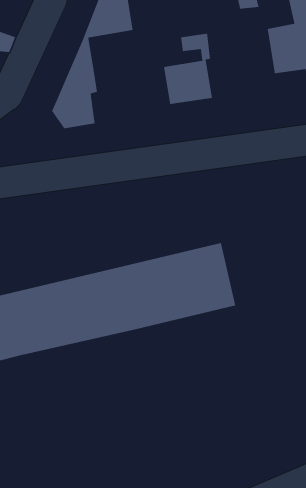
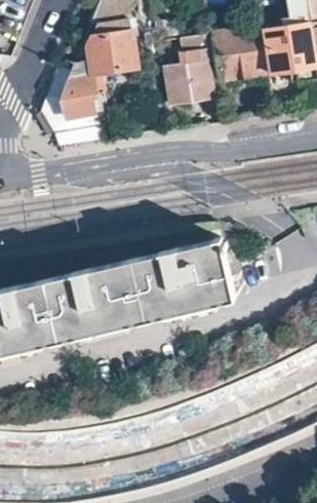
building: none -> [213,28,263,79]
building: none -> [91,34,138,73]

